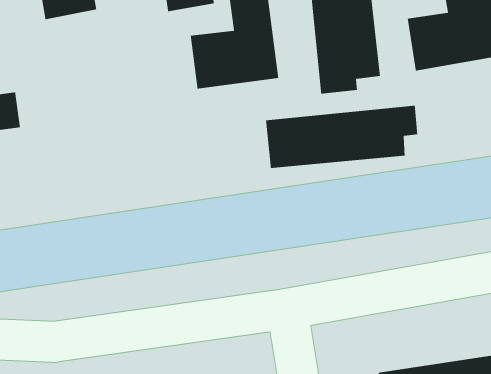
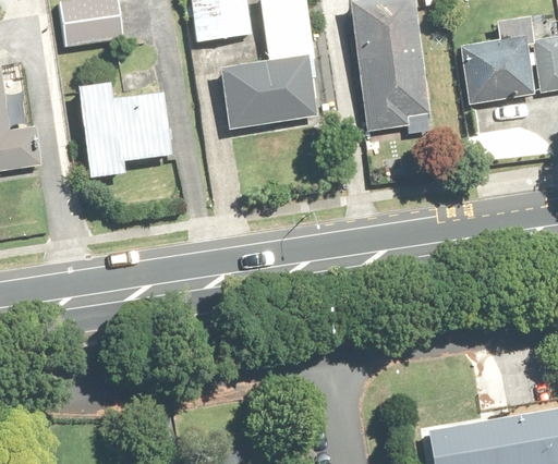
building: none -> [80,82,170,176]
building: [265,105,418,169] -> none

